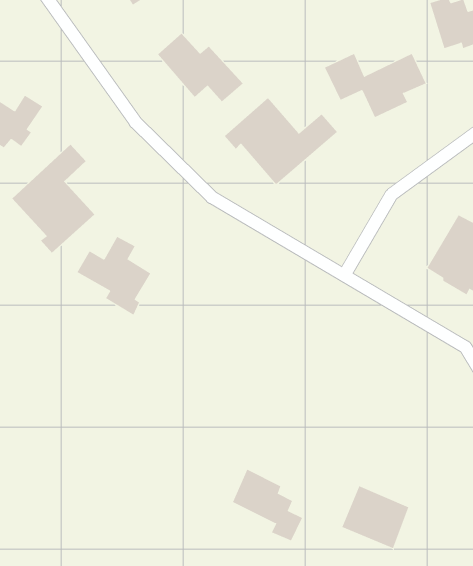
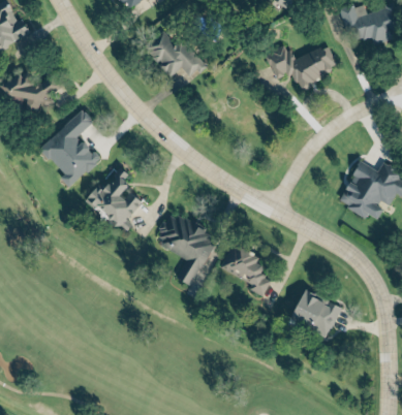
building: [224,97,338,185] -> none
building: none -> [157,215,218,285]
building: [232,469,303,541] -> [221,244,272,295]
building: [341,486,409,549] -> [291,290,340,336]

